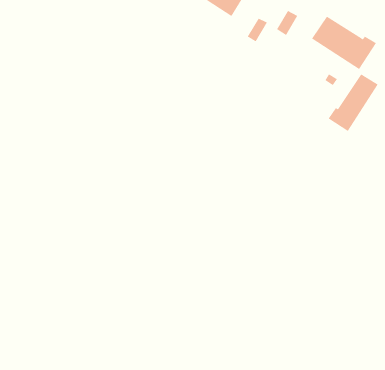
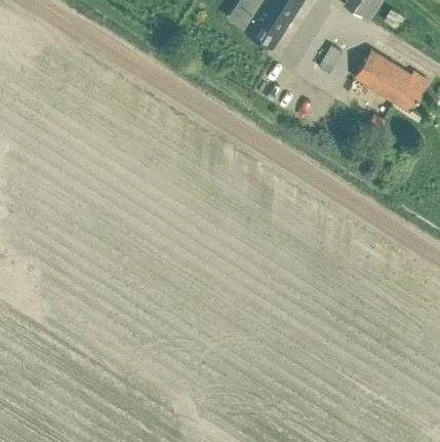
building: [328,73,379,132] -> none

